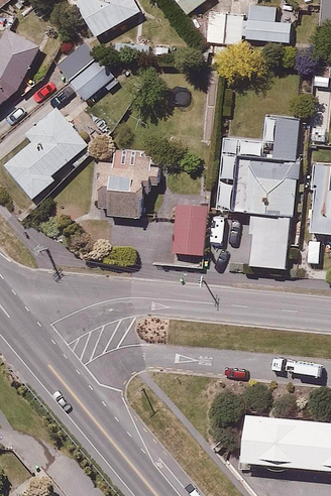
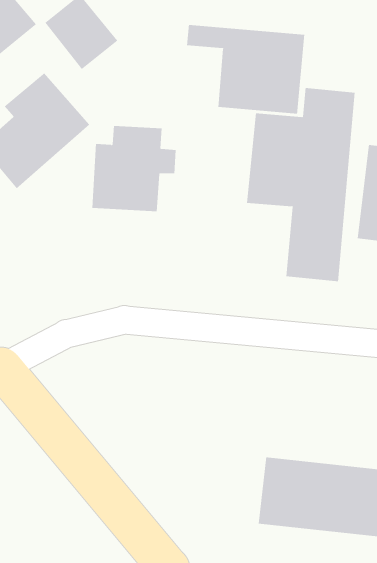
building: none -> [186,24,305,115]
building: [167,199,211,256] -> none

